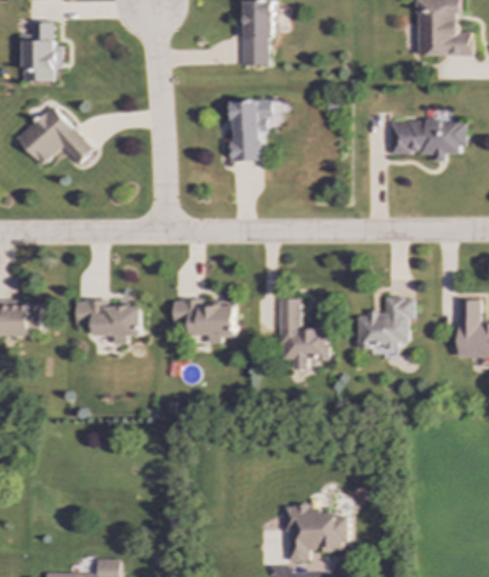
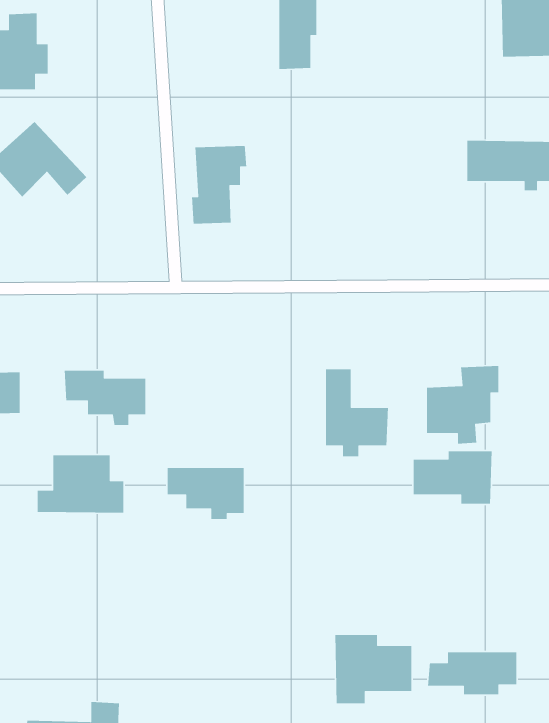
building: [227,99,271,161] -> [191,145,247,225]
building: [172,301,233,342] -> [167,467,245,520]
building: none -> [413,451,492,505]
building: none -> [37,454,124,514]
building: none -> [427,651,517,695]

